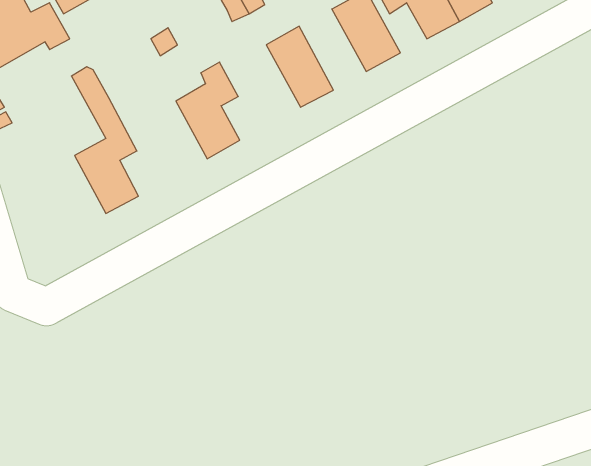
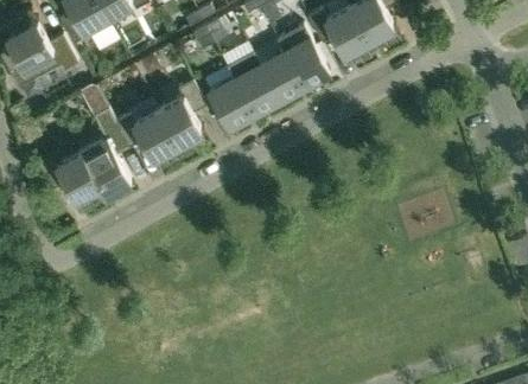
building: none -> [254,34,305,96]
building: none -> [209,62,255,123]
building: none -> [109,102,184,161]
building: none -> [39,146,107,204]

